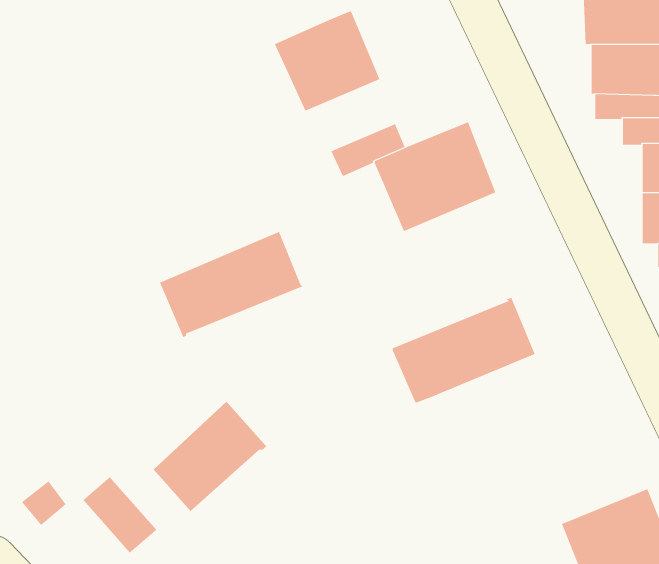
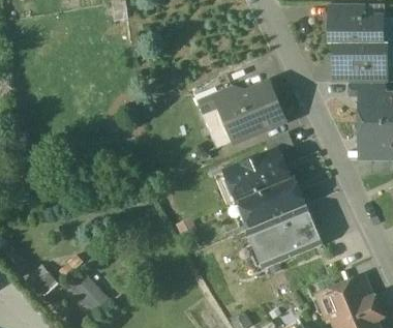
building: [274,11,380,111] -> none
building: [159,231,303,338] -> [215,149,291,205]
building: none -> [249,205,324,269]
building: [153,401,267,512] -> none

